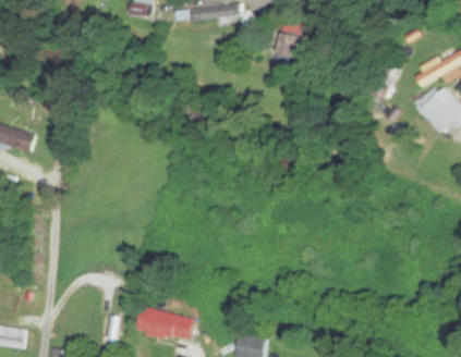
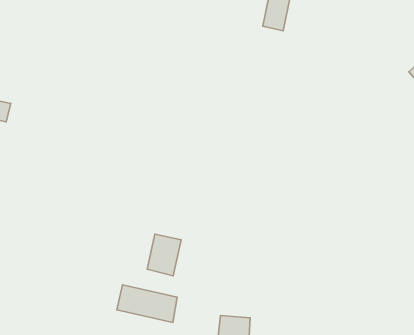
building: none -> [147,234,181,276]

